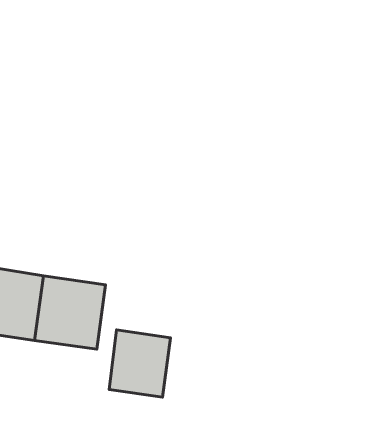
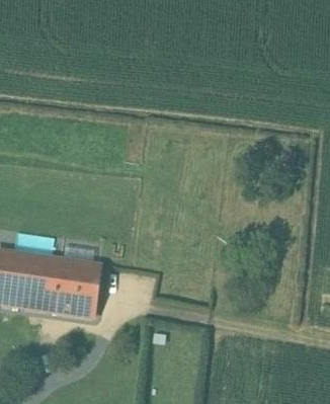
building: [109,330,171,397] -> none

